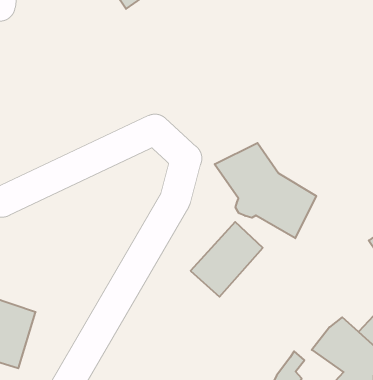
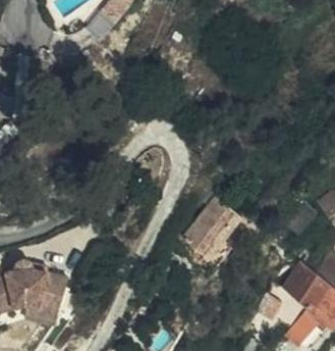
building: [215,143,316,238] -> none

